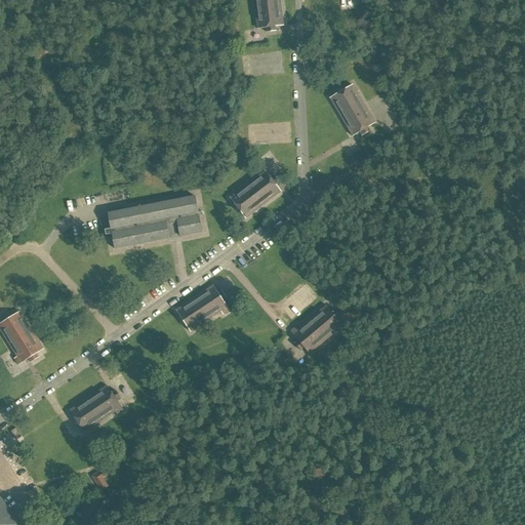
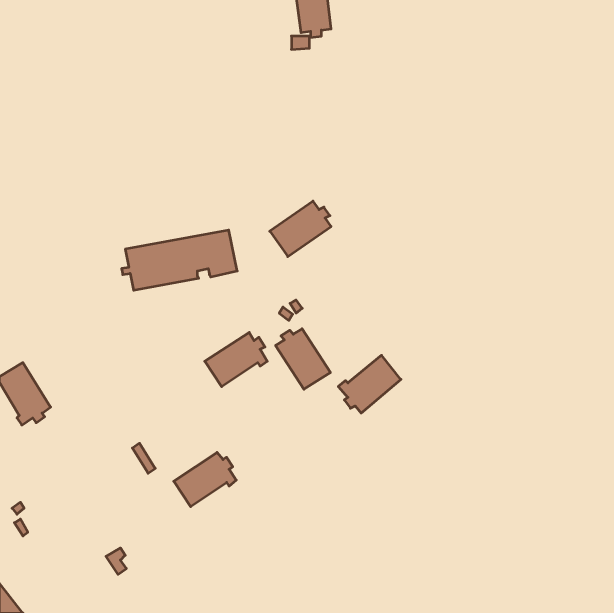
building: [330,87,376,138] -> none
building: none -> [276,329,330,389]
building: [69,383,122,430] -> [174,452,236,507]

